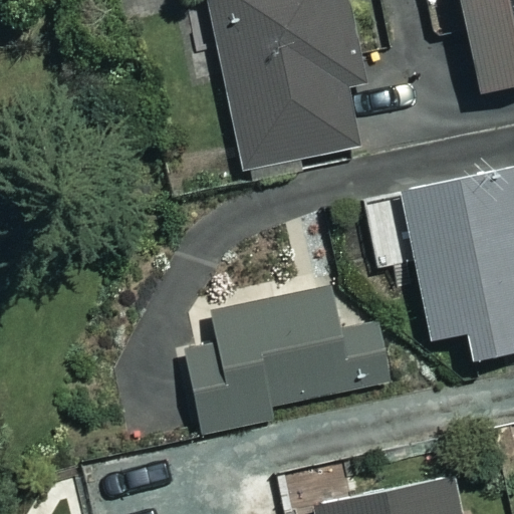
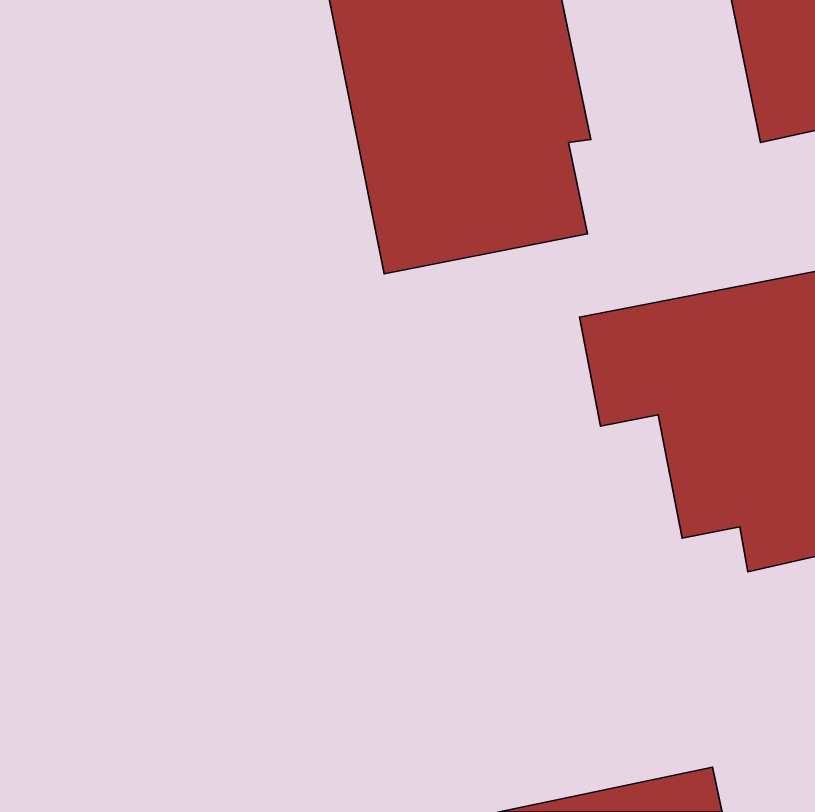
building: [184,283,389,426] -> none

